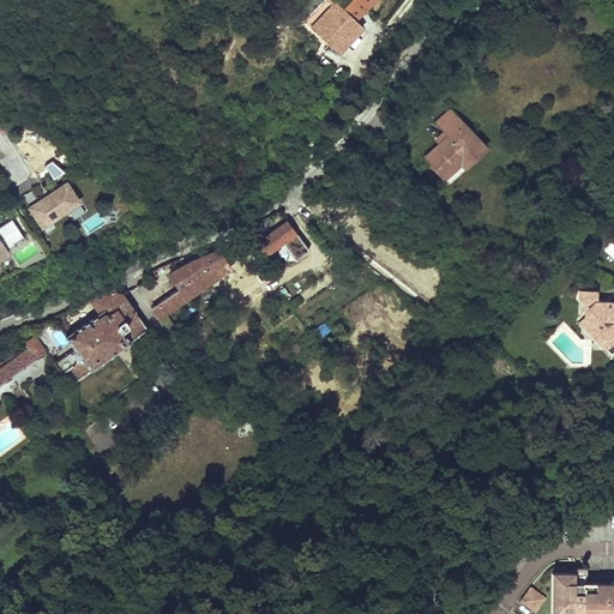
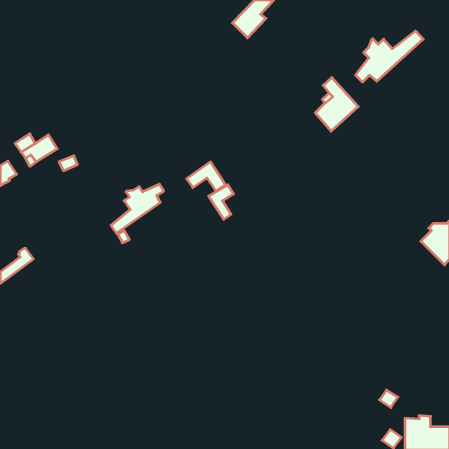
building: none -> [356,31,423,82]
building: none -> [209,185,234,219]
building: [54,290,146,385] -> none

